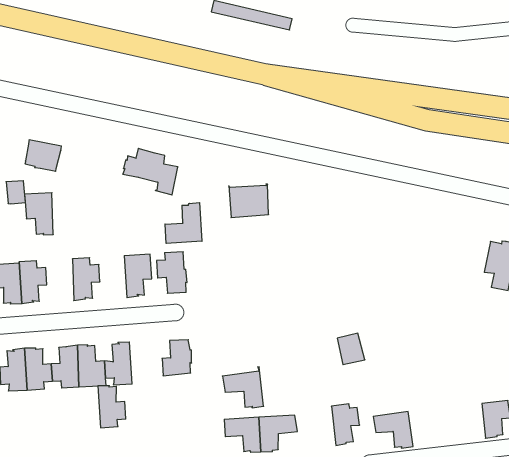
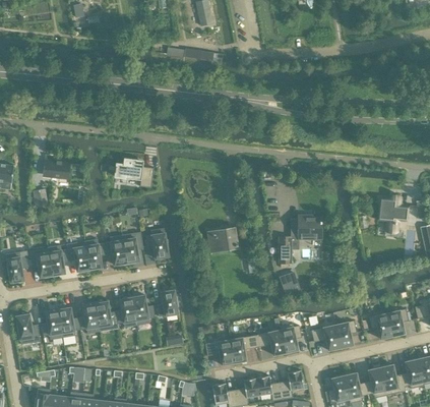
building: [229,184,269,218] -> [207,227,238,253]
building: [25,193,53,235] -> [66,241,89,272]
building: [165,203,202,243] -> none
building: none -> [279,216,321,264]
building: none -> [105,235,127,266]
building: [222,367,264,408] -> [255,327,287,356]
building: [98,386,126,428] -> [132,295,155,326]
building: none -> [369,313,392,339]
building: none -> [335,321,357,349]

